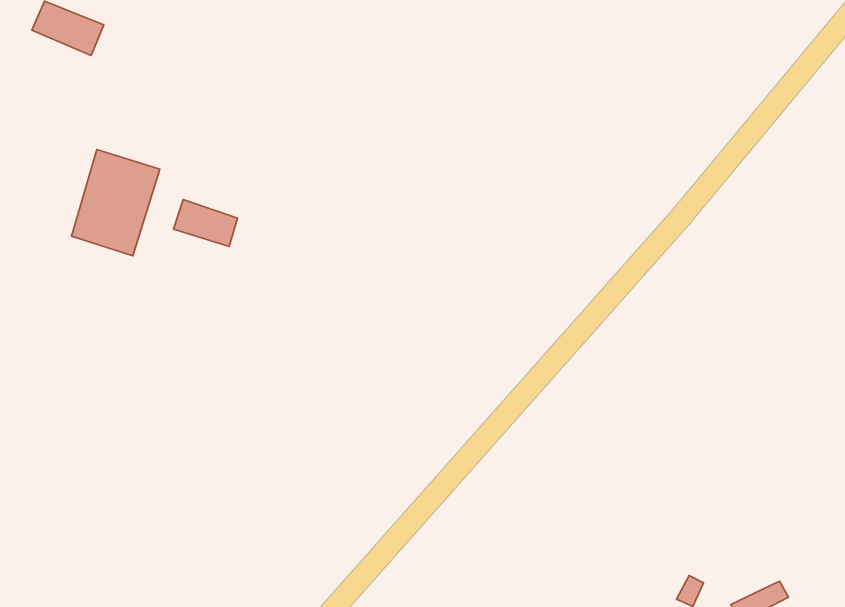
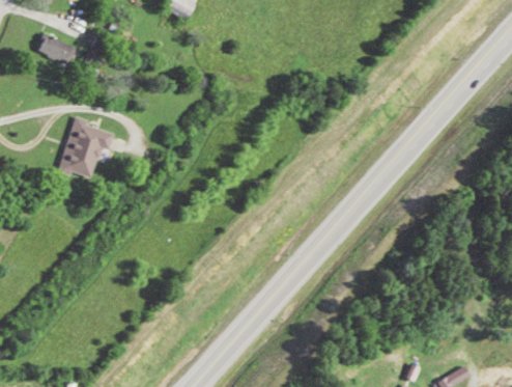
building: [173,200,238,247] -> none

